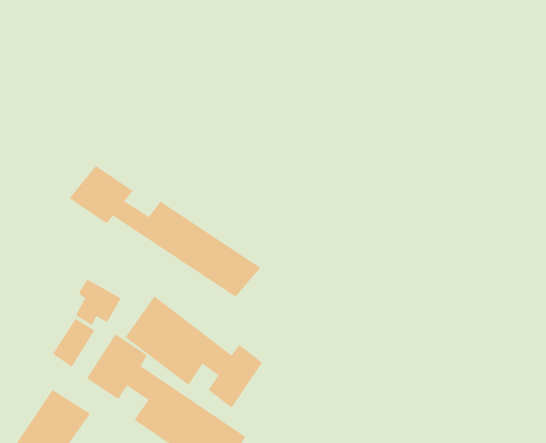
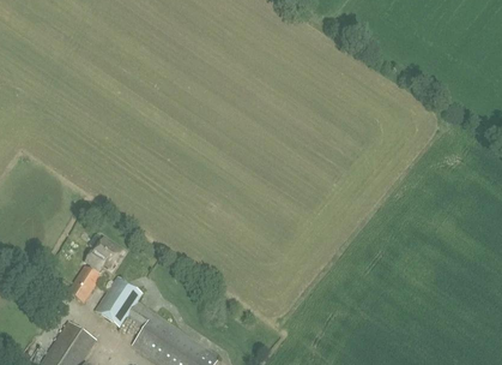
building: [69,165,261,298] -> none
building: [125,296,263,408] -> none

